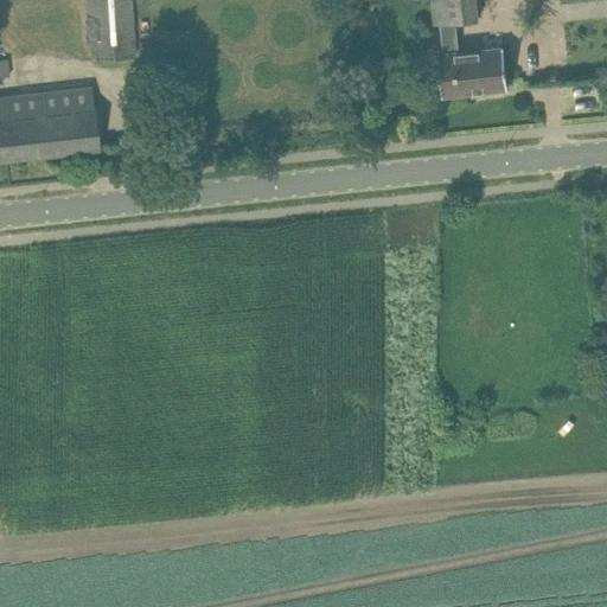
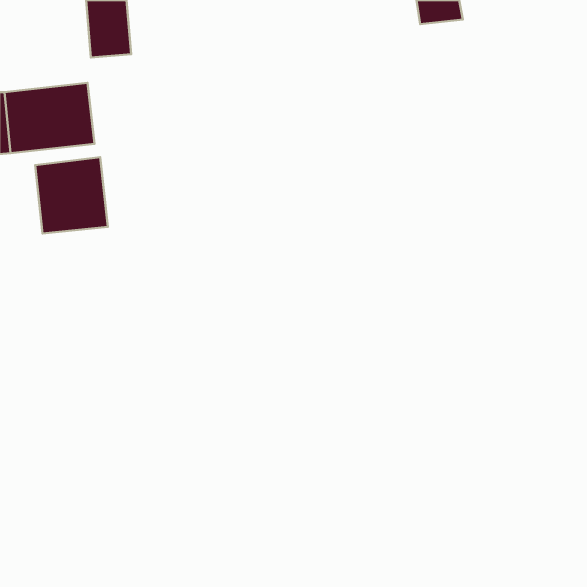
building: [437,49,507,95] -> none
building: none -> [35,157,108,234]

